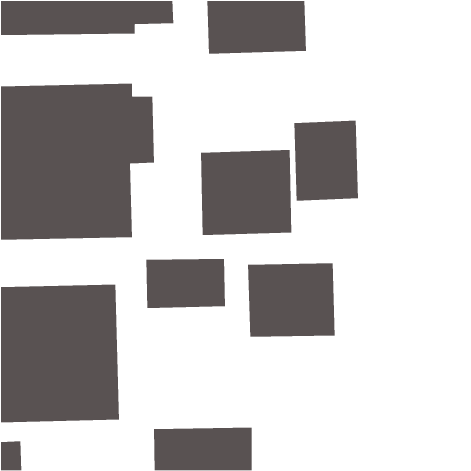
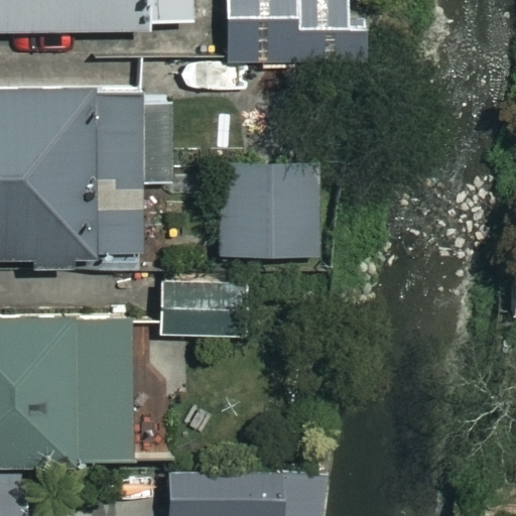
building: [294,120,359,202] -> none
building: [247,263,336,338] -> none

